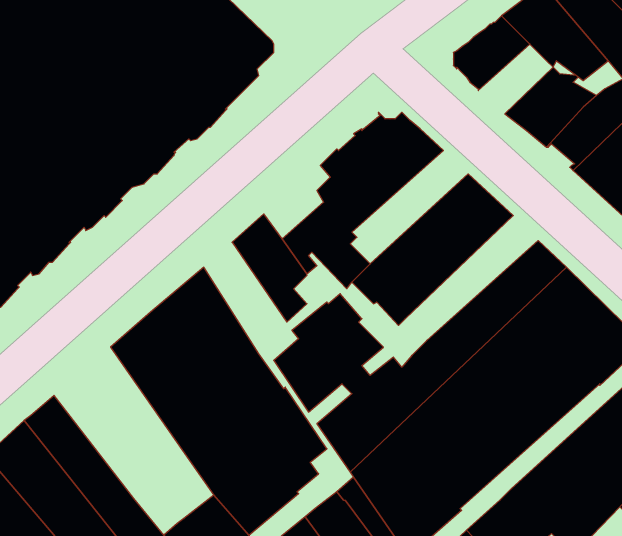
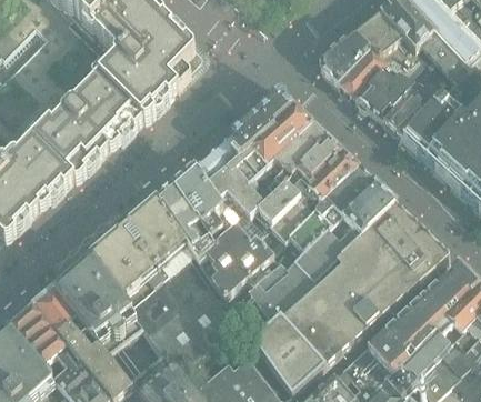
building: none -> [338,51,388,98]
building: none -> [252,122,331,198]
building: none -> [194,132,239,181]
building: none -> [289,165,378,249]
building: none -> [154,183,218,262]
building: none -> [54,253,143,371]

